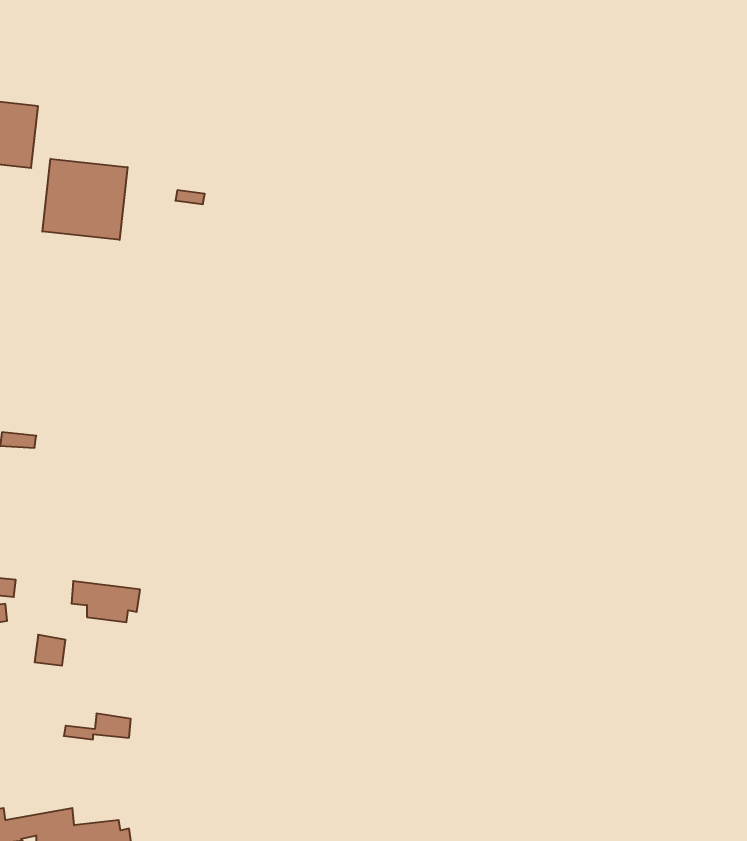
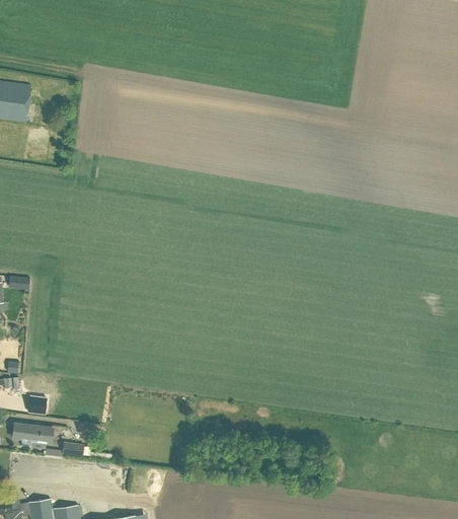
building: [42,159,128,240] -> none
building: [71,581,140,622] -> [12,424,53,448]

